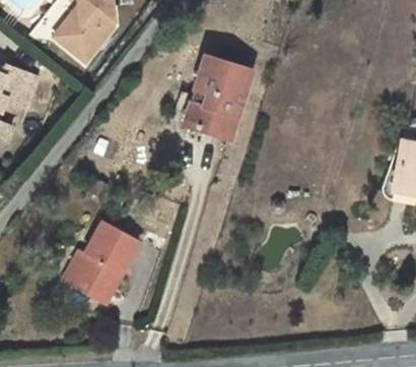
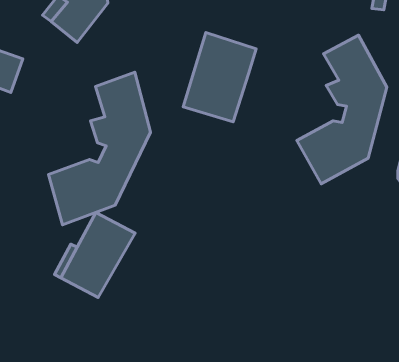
building: none -> [297,35,387,184]
building: none -> [49,72,151,225]

